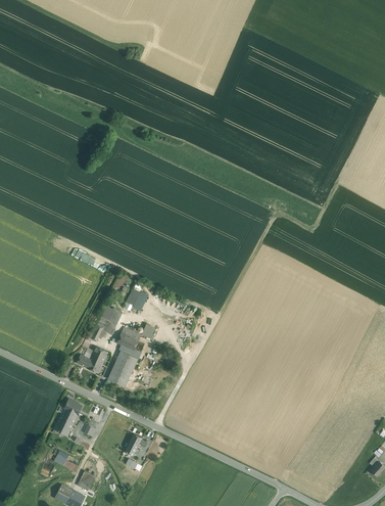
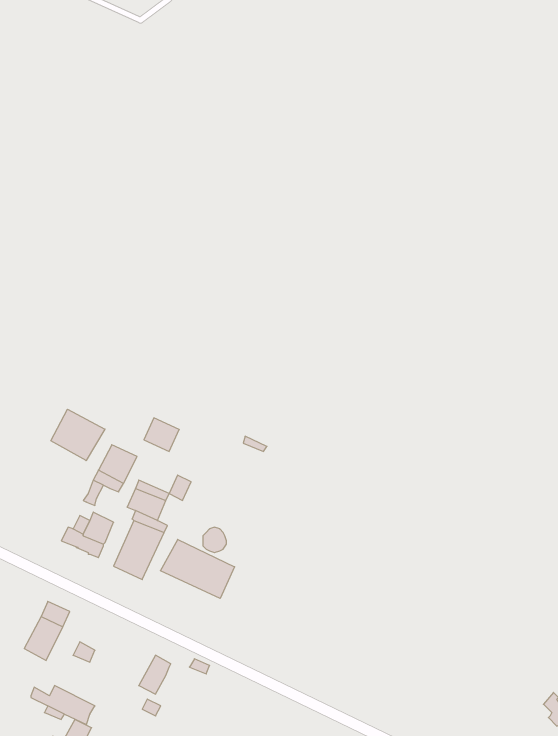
building: none -> [51,409,105,461]
building: none -> [160,539,235,598]

